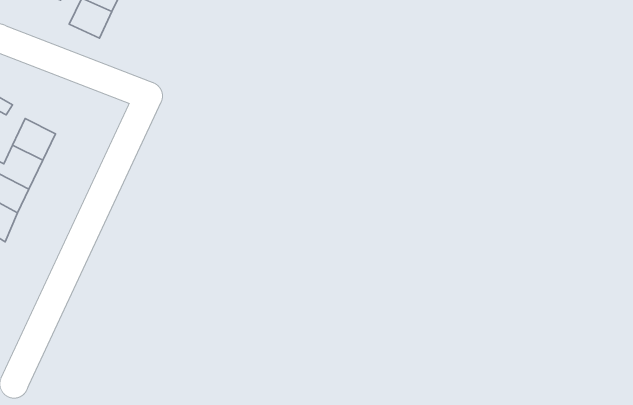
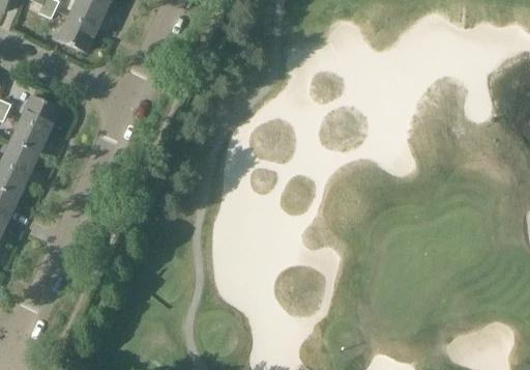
building: none -> [22,95,58,131]

